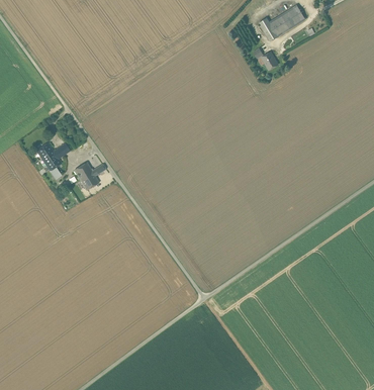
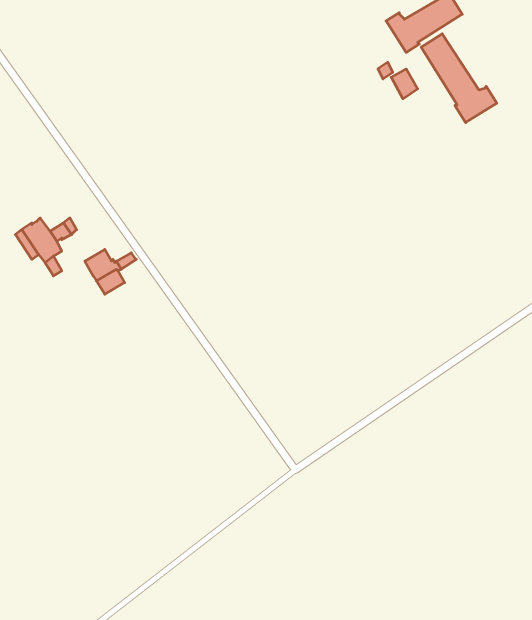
building: none -> [421,34,497,123]

